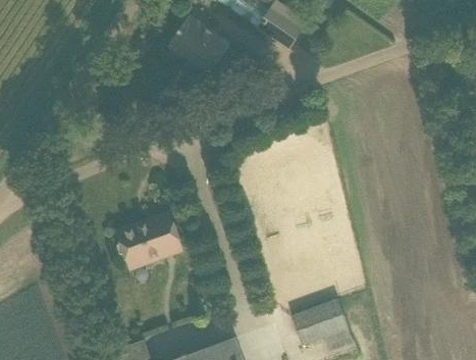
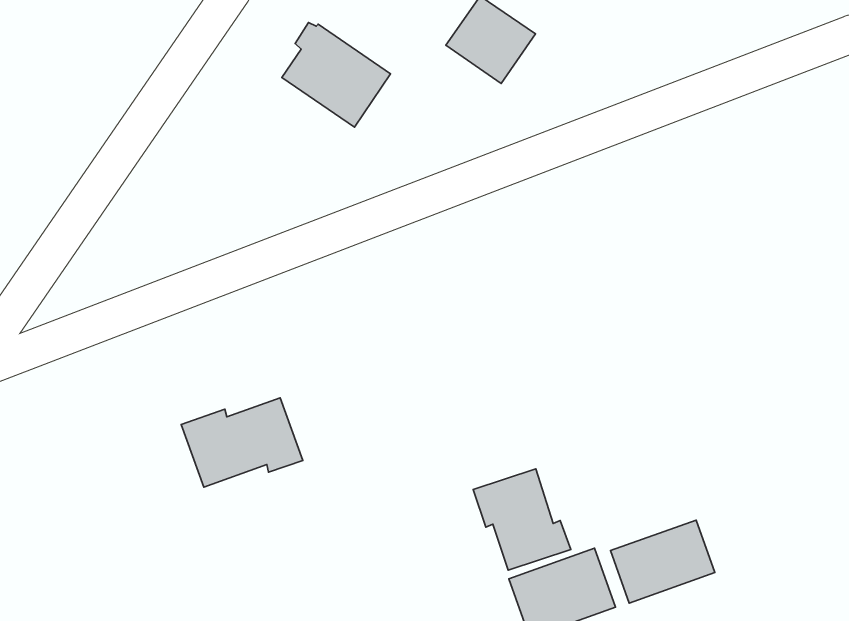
building: none -> [473,469,571,570]
building: none -> [611,520,715,603]

